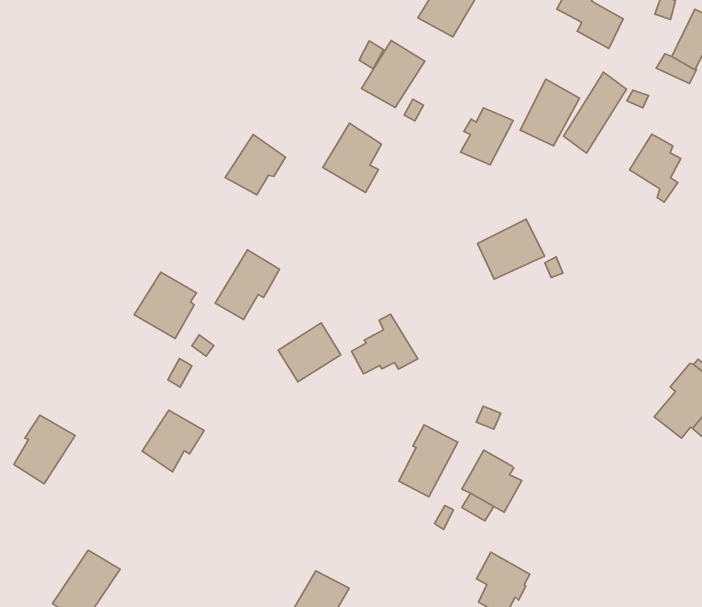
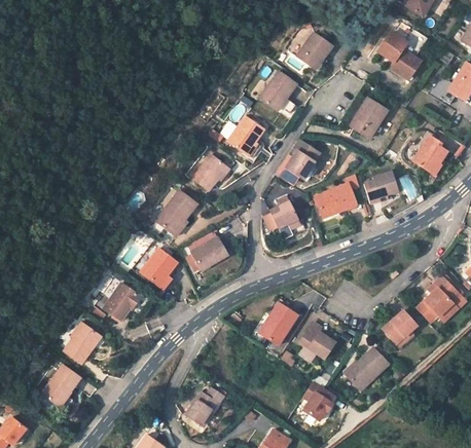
building: [563,72,626,153] -> none
building: [460,108,513,165] -> [288,141,322,176]
building: [225,135,286,195] -> [189,149,227,186]
building: none -> [364,171,401,204]
building: [134,272,196,338] -> [140,246,179,287]
building: [352,314,418,374] -> [262,195,302,230]
building: [14,415,75,484] -> [65,318,104,360]
building: none -> [382,312,419,350]
building: none -> [346,349,390,391]

